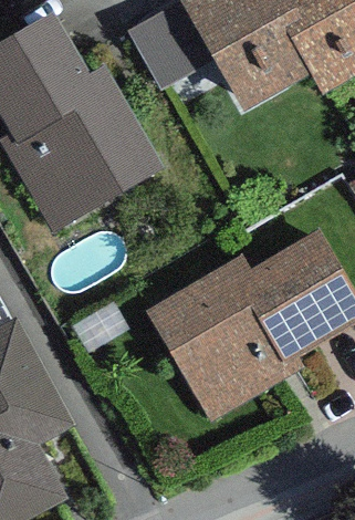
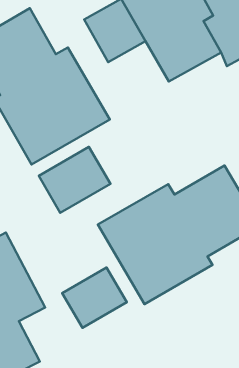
building: none -> [39,147,110,213]
building: none -> [62,267,127,328]

